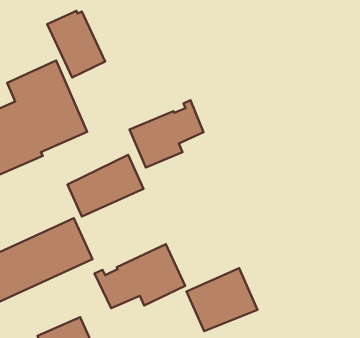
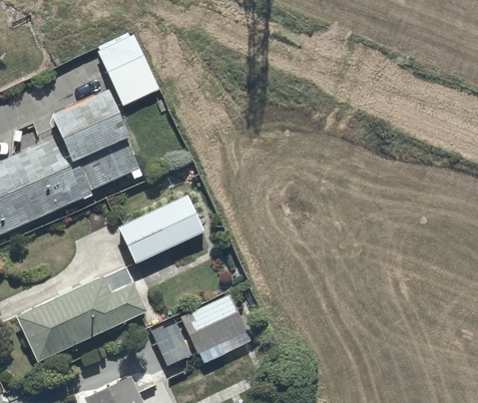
building: [130,100,204,167] -> none
building: [186,268,258,331] -> none

